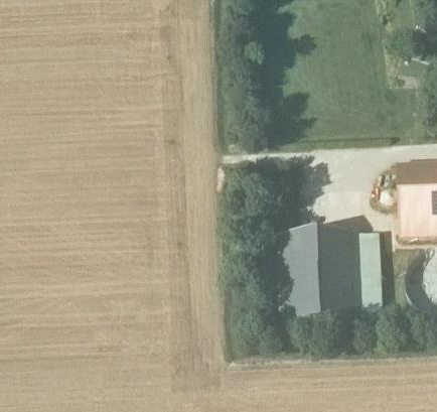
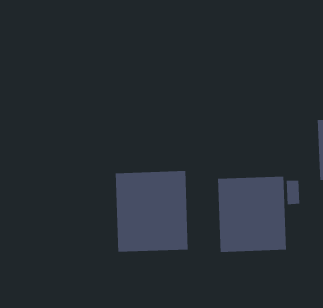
building: none -> [115,170,189,252]

